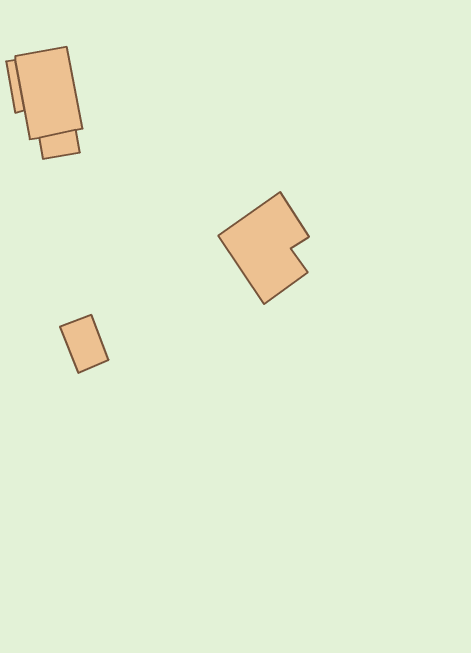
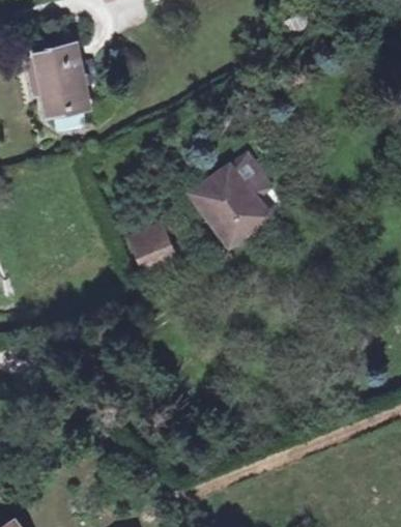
building: [60,315,109,373] -> [135,228,173,273]

